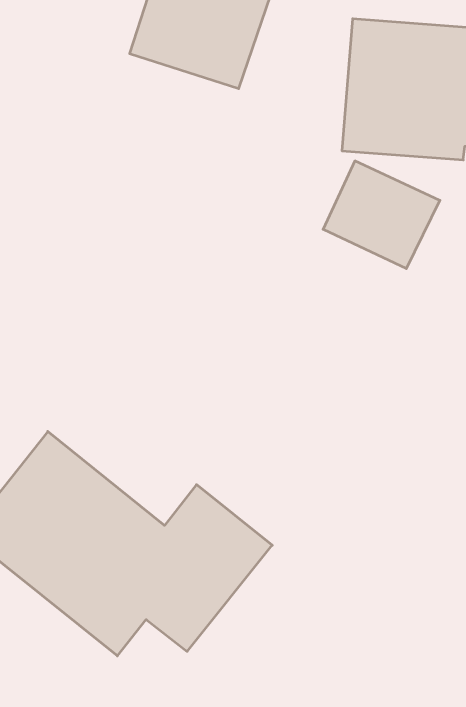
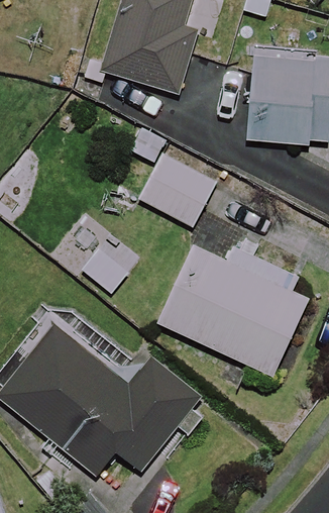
building: [323,161,440,269] -> [139,153,217,225]
building: none -> [161,247,308,376]

